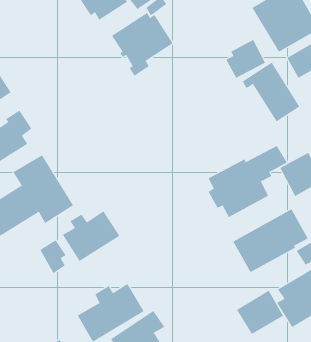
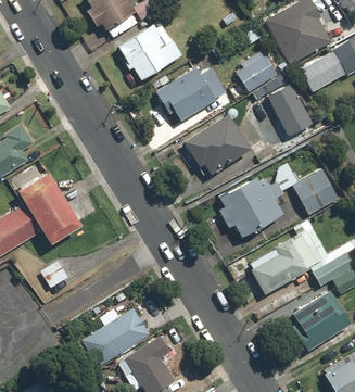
building: none -> [154,66,225,122]
building: none -> [183,115,251,175]
building: [62,210,120,262] -> none
building: [236,290,284,335] -> none

